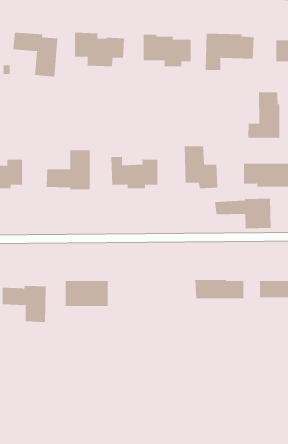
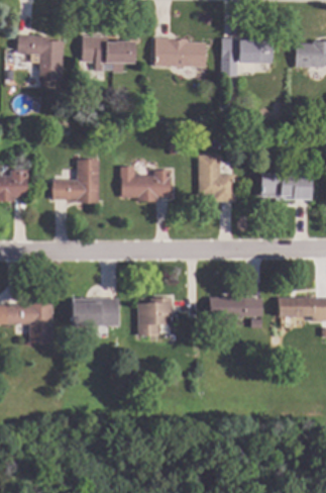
building: [248,91,280,139] -> none
building: [214,198,271,229] -> none
building: none -> [136,298,172,336]

